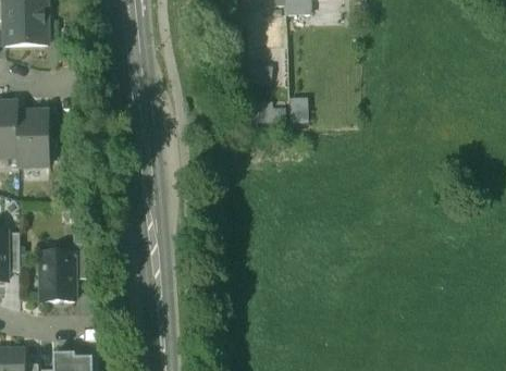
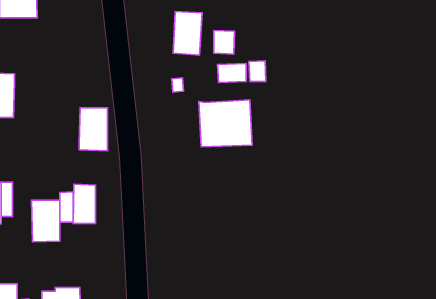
building: none -> [173,12,202,55]
building: [18,116,51,165] -> [79,108,108,151]
building: none -> [199,100,252,147]
building: none -> [73,184,95,224]

